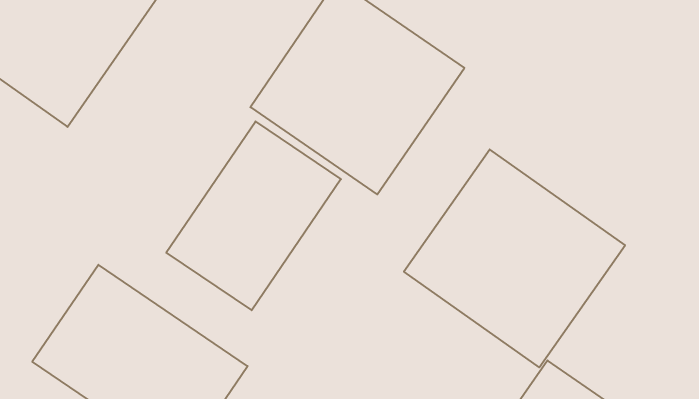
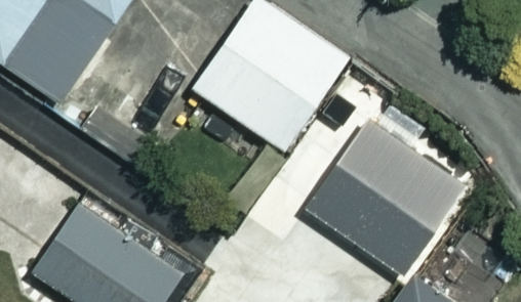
building: [166,121,341,310] -> none

